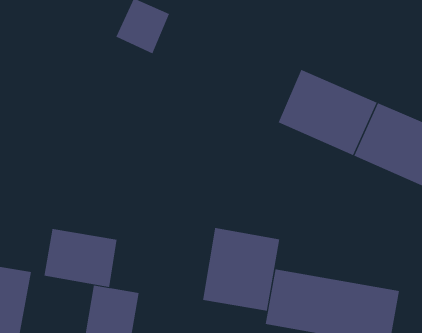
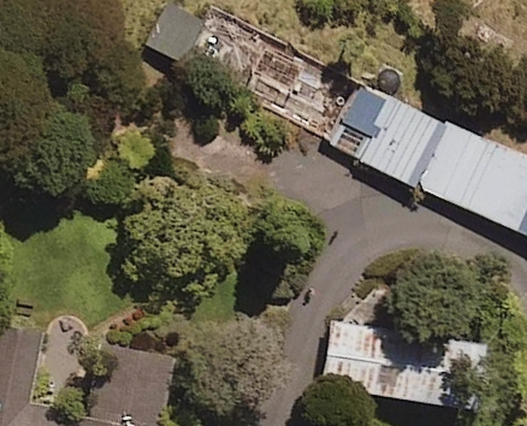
building: [203,227,280,311] -> none
building: [44,228,117,288] -> none

